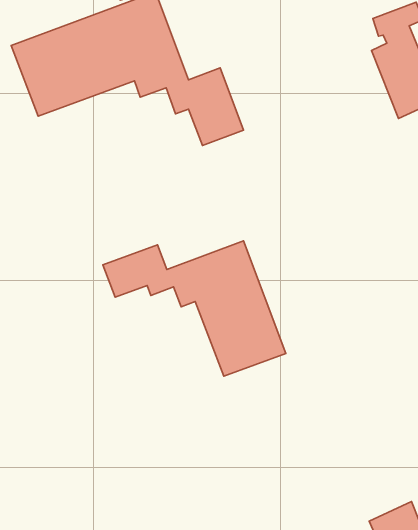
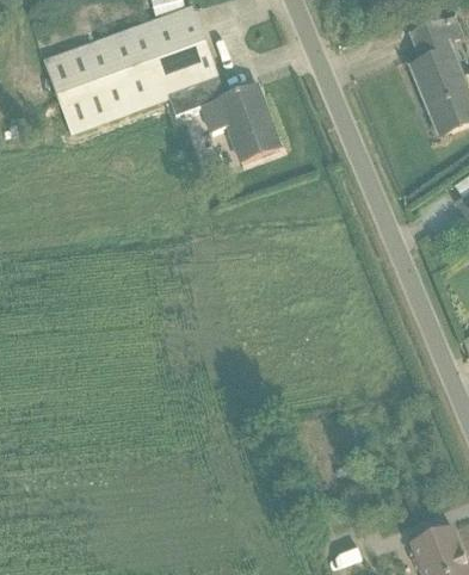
building: [103,241,286,376] -> none

